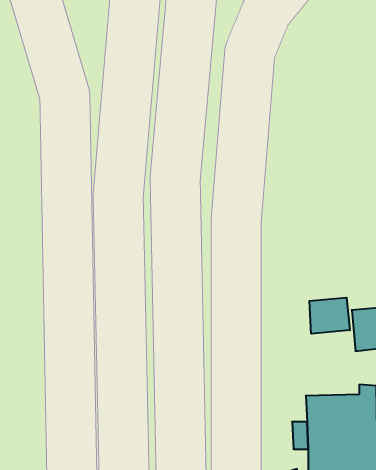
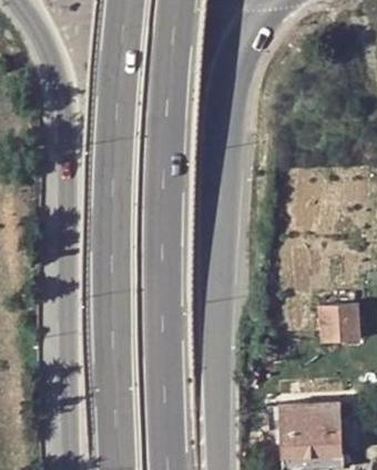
building: [309,298,350,334] -> none

